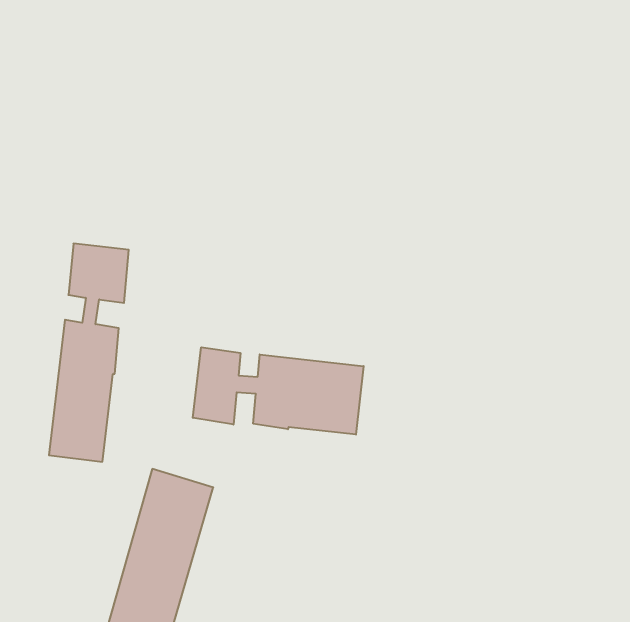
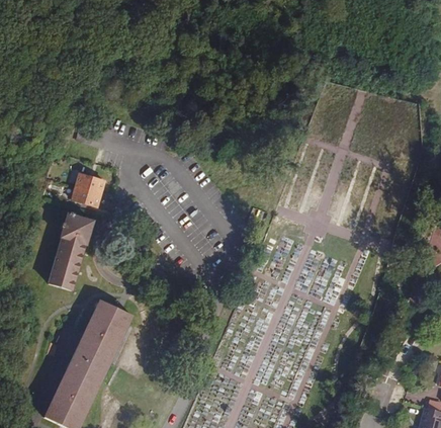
building: [193,347,364,435] -> none

